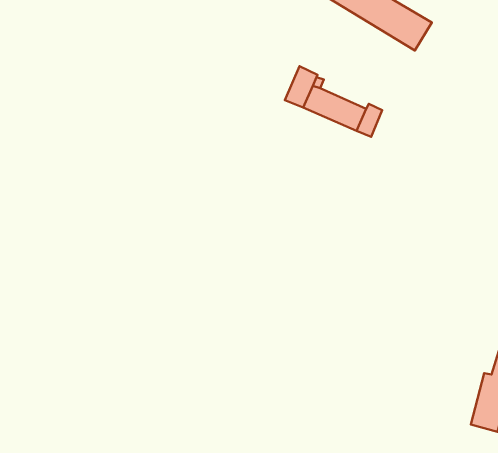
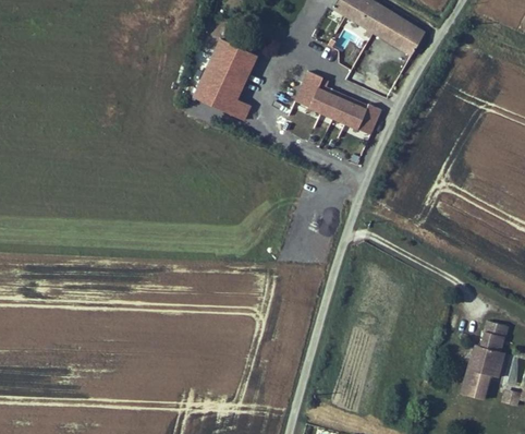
building: none -> [192,37,257,121]

